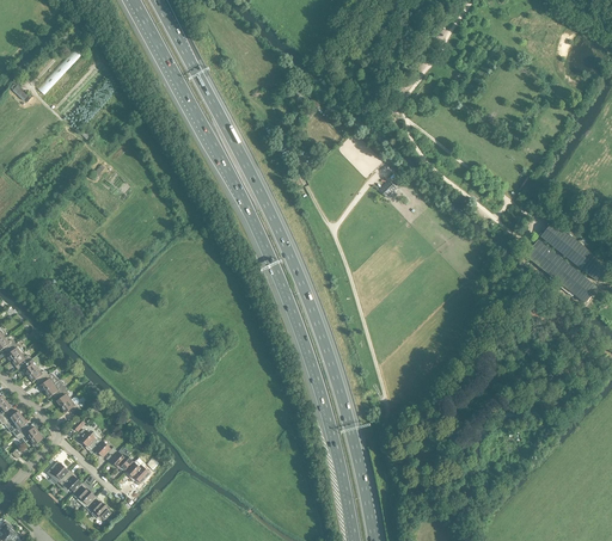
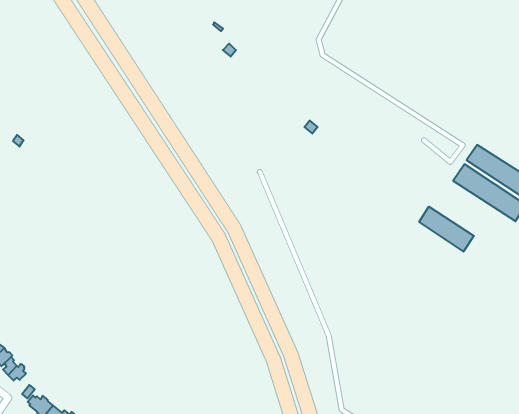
building: none -> [419,207,474,252]

